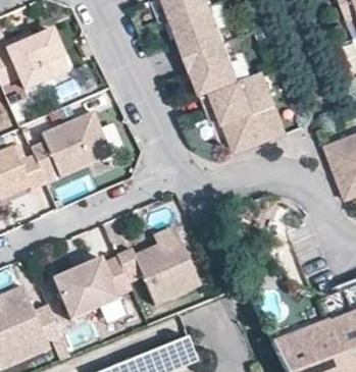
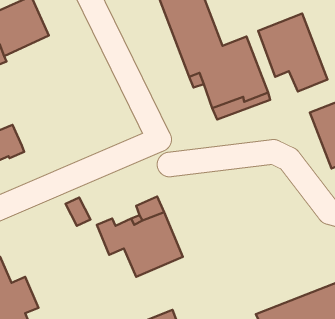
building: none -> [258,14,328,92]
building: [29,111,111,183] -> none
building: [52,254,130,317] -> none

